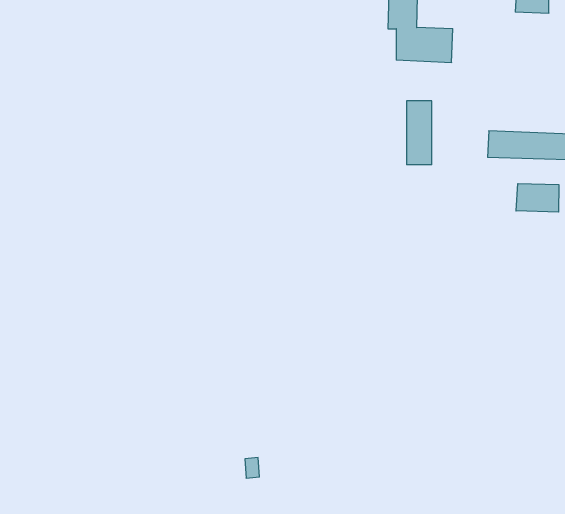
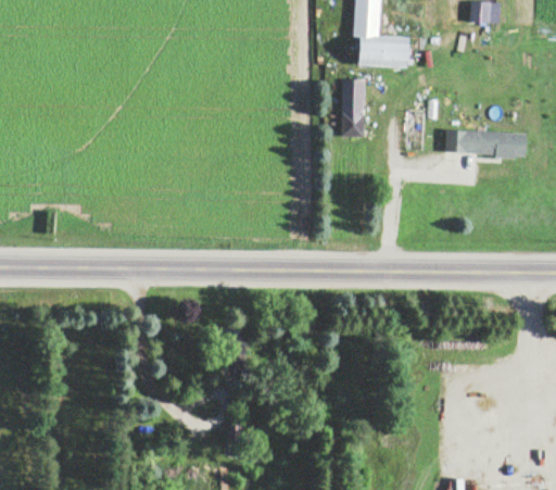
building: [407,101,432,165] -> [341,78,364,136]
building: [516,184,559,212] -> none

